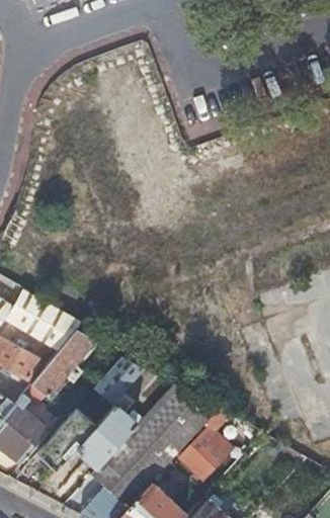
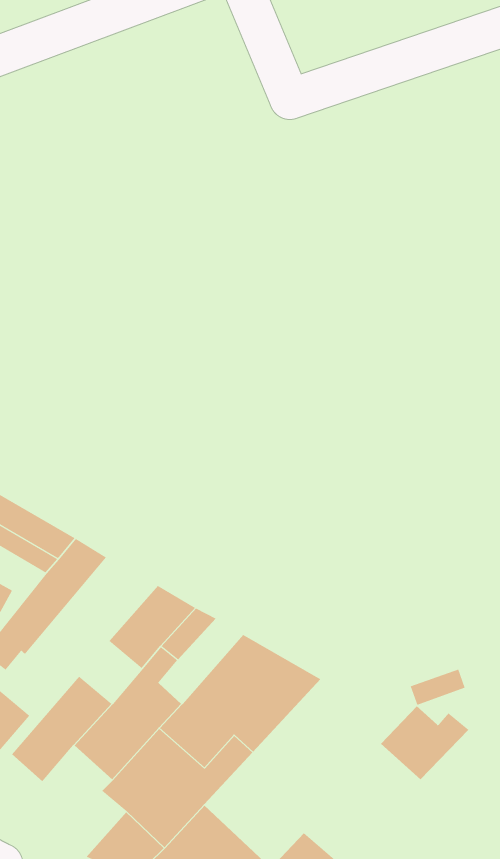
building: [180,434,232,478] -> [380,705,469,780]

